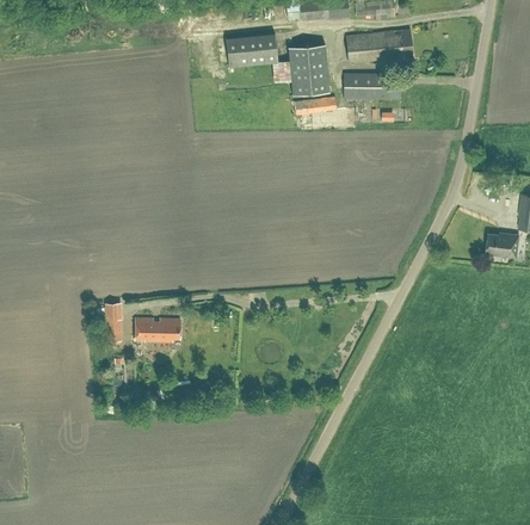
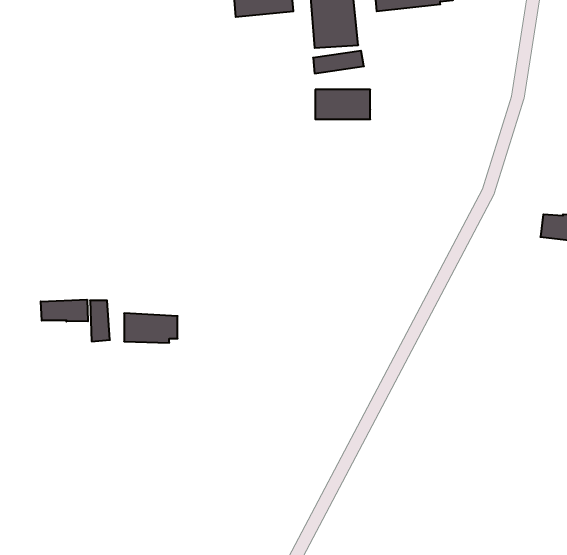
building: [341,73,388,98] -> [315,90,370,119]
building: none -> [41,300,88,322]

